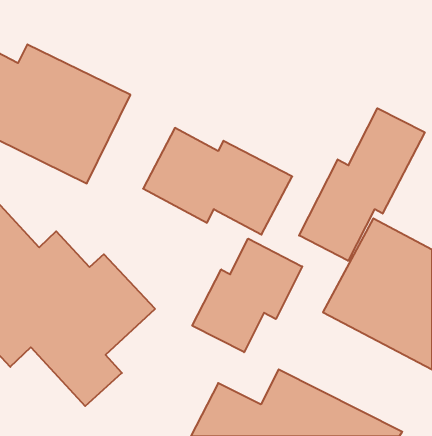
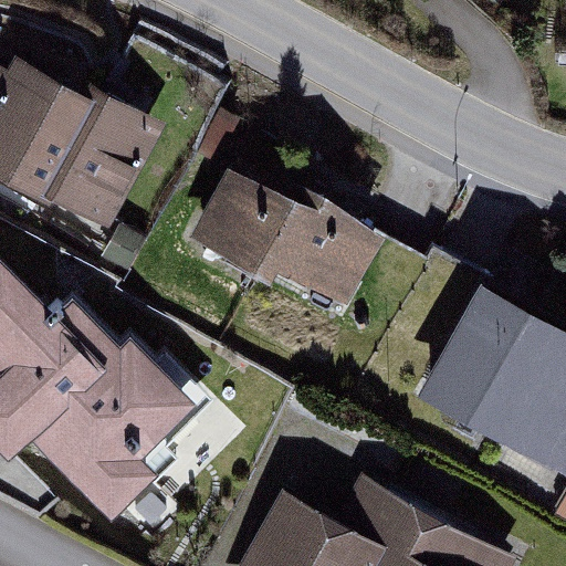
building: [299,108,425,261] -> none
building: [192,239,302,352] -> none

